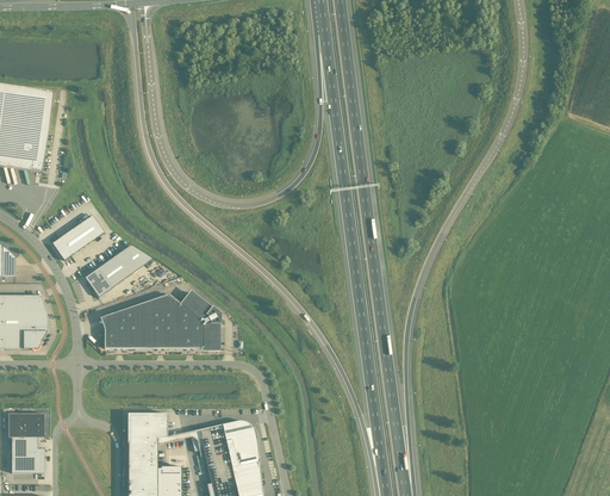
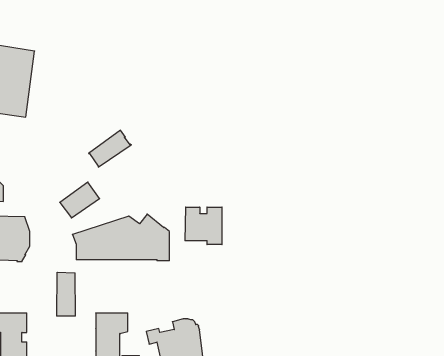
building: [51,213,104,259] -> [89,130,131,167]
building: none -> [185,207,222,245]
building: none -> [57,272,75,316]

